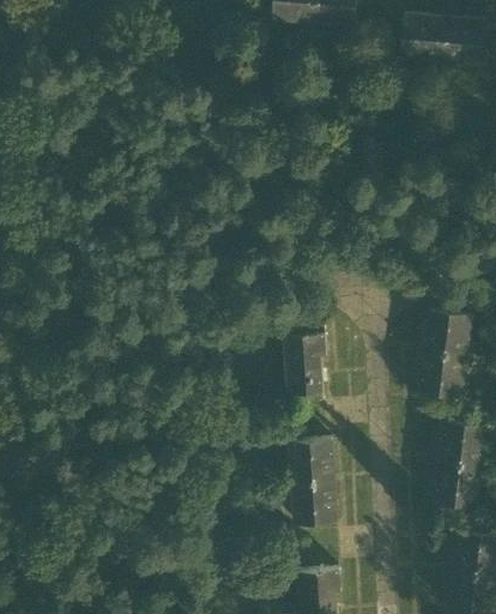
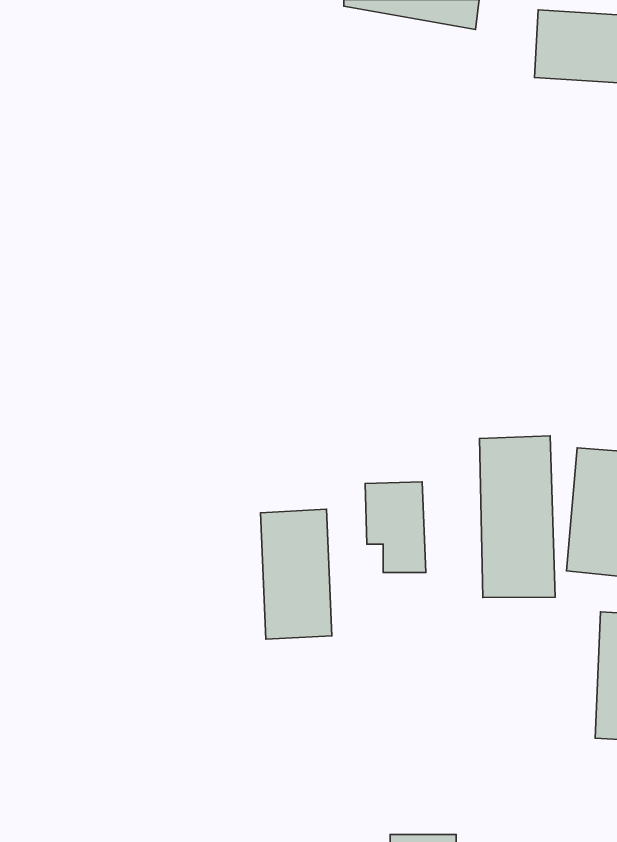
building: none -> [480,436,555,597]
building: [290,440,338,528] -> [261,509,332,639]

